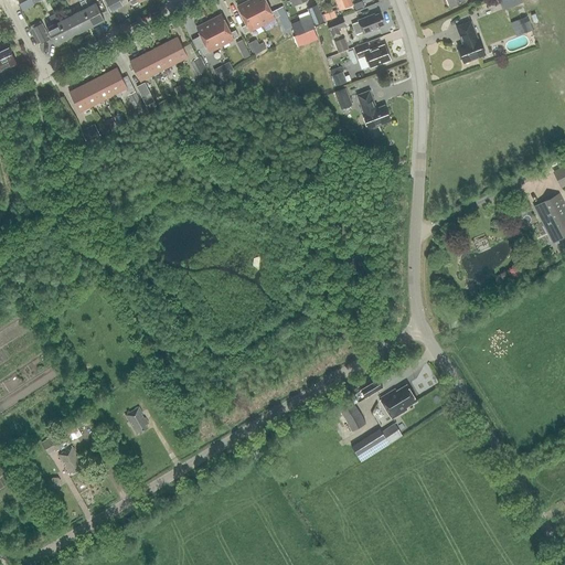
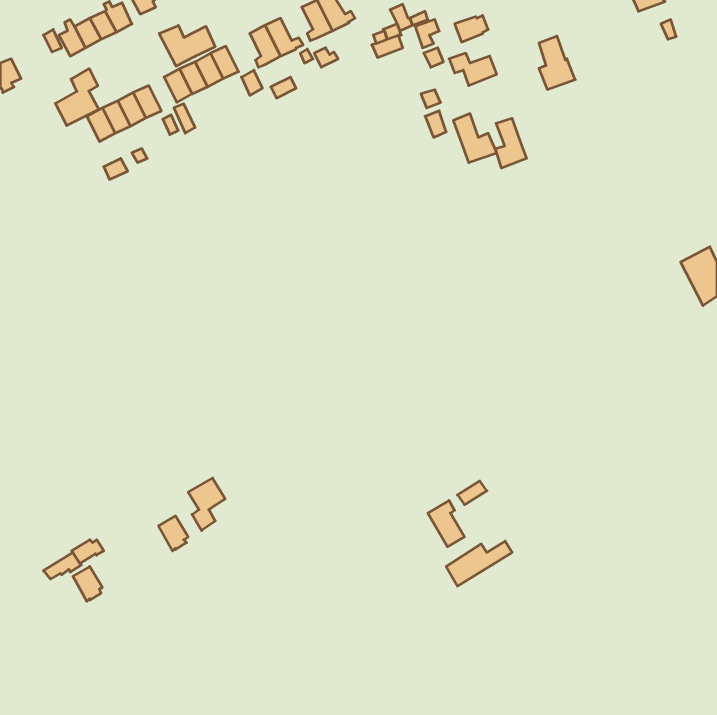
building: [457,20,486,62] -> [539,36,575,89]
building: none -> [159,25,215,66]
building: none -> [55,69,99,126]
building: none -> [495,118,527,168]
building: none -> [188,478,225,531]
building: [379,384,416,418] -> none

